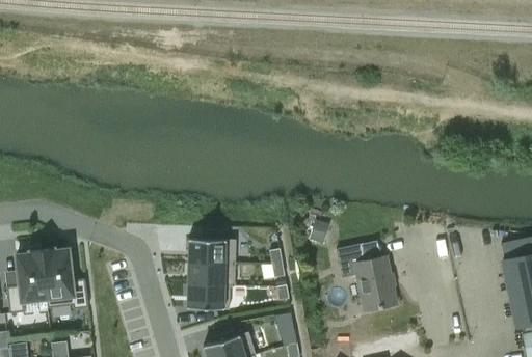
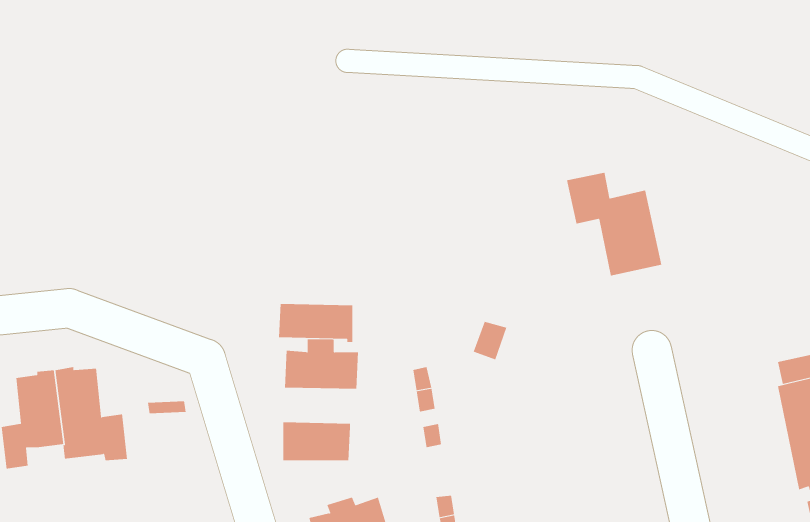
building: [335,244,396,310] -> [566,172,662,276]
building: [187,262,235,286] -> [278,303,353,342]

